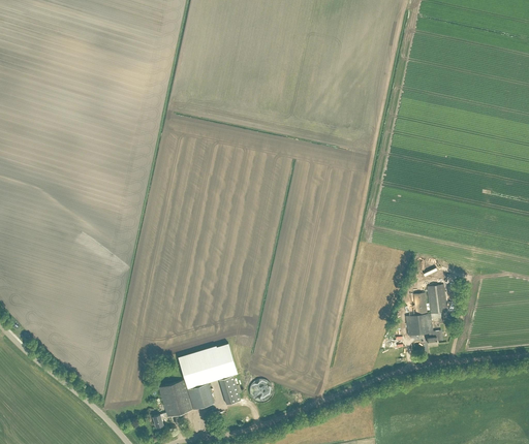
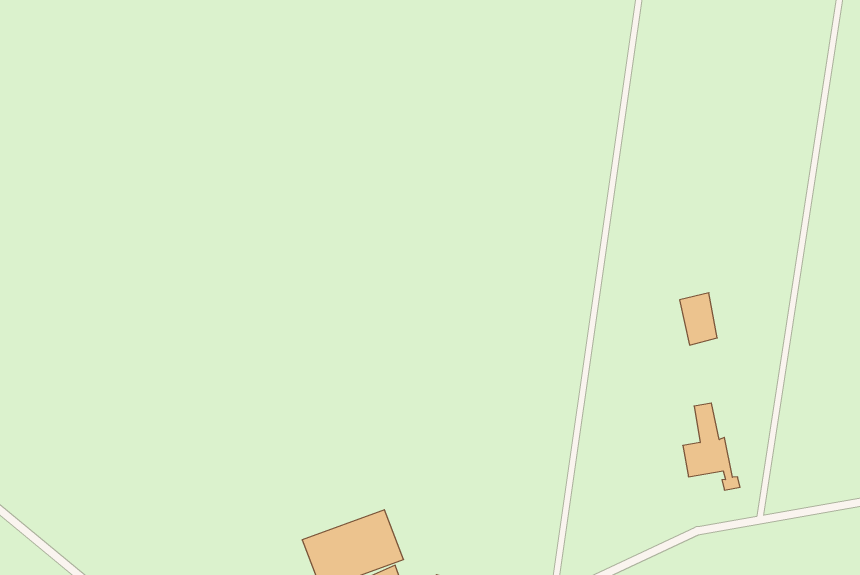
building: [427,284,447,314] -> [680,293,717,345]

